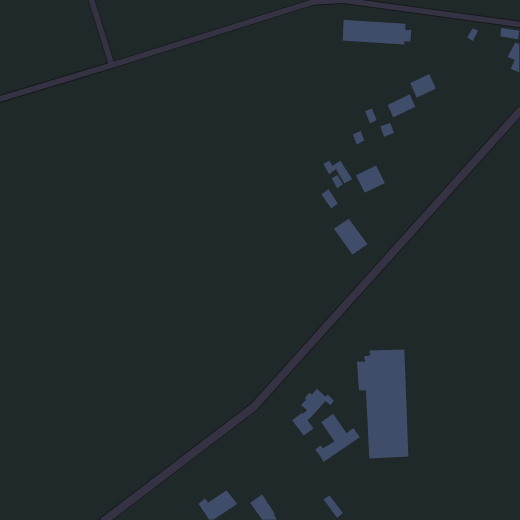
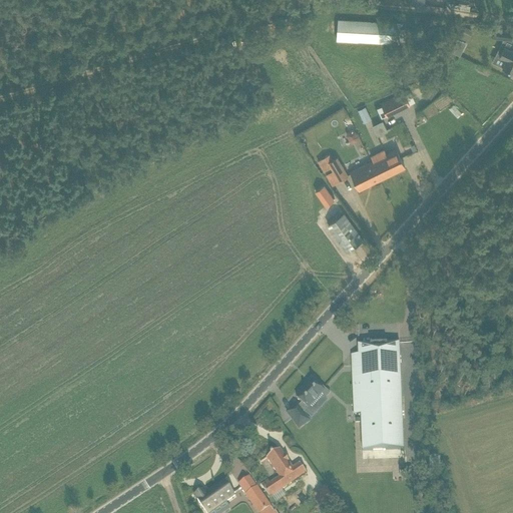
building: [409,73,436,99] -> none
building: none -> [370,149,405,180]
building: [314,413,361,463] -> [261,450,307,499]

